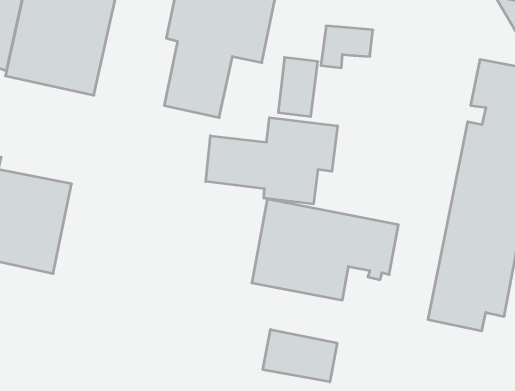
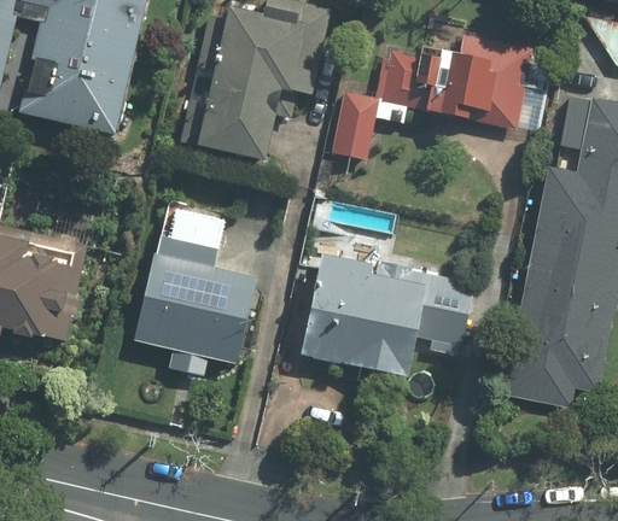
building: none -> [419,55,525,129]
building: [206,118,337,204] -> none
building: none -> [133,204,258,374]
building: [263,329,337,382] -> none

